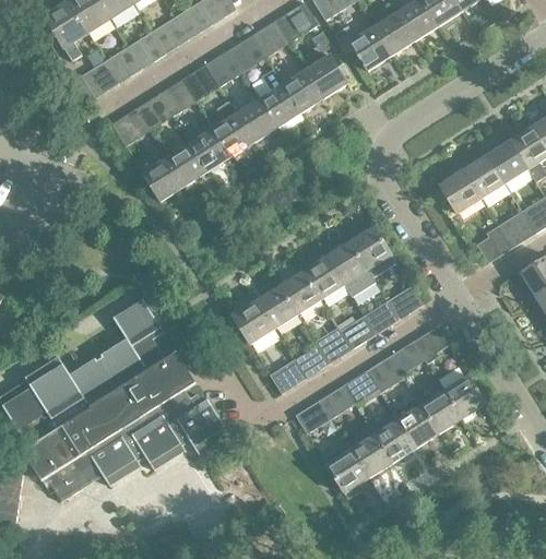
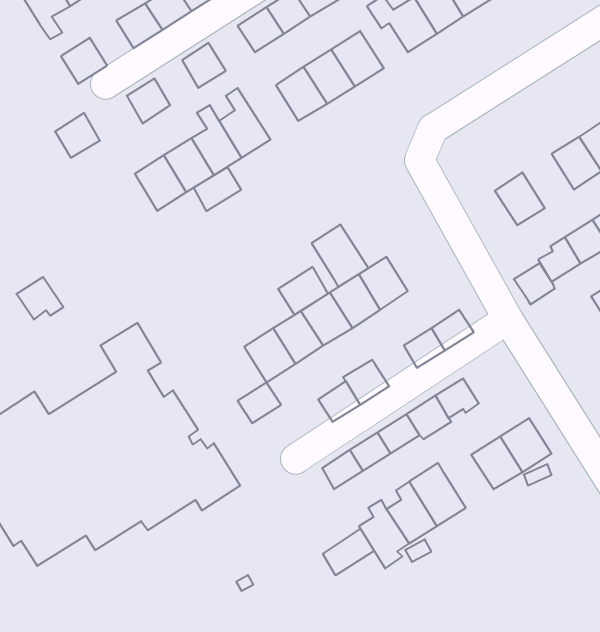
building: [105,46,141,83] -> none
building: [203,50,241,87] -> none
building: [158,79,194,116] -> none
building: [235,99,277,144] -> none
building: [111,108,149,145] -> [55,113,100,158]
building: [463,156,506,201] -> none
building: none -> [194,167,241,211]
building: [351,226,397,277] -> [312,225,368,287]
building: none -> [514,263,555,305]
building: none -> [278,267,328,315]
building: none -> [16,277,63,320]
building: [341,314,376,348] -> none
building: [414,326,449,362] -> none
building: [270,359,306,393] -> [238,382,281,423]
building: [397,396,439,449] -> none
building: none -> [323,529,374,575]

